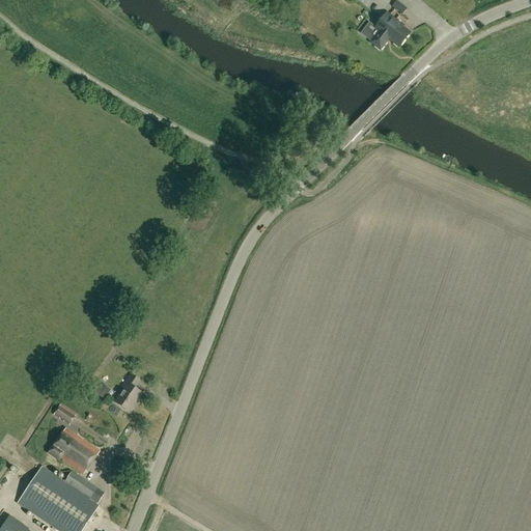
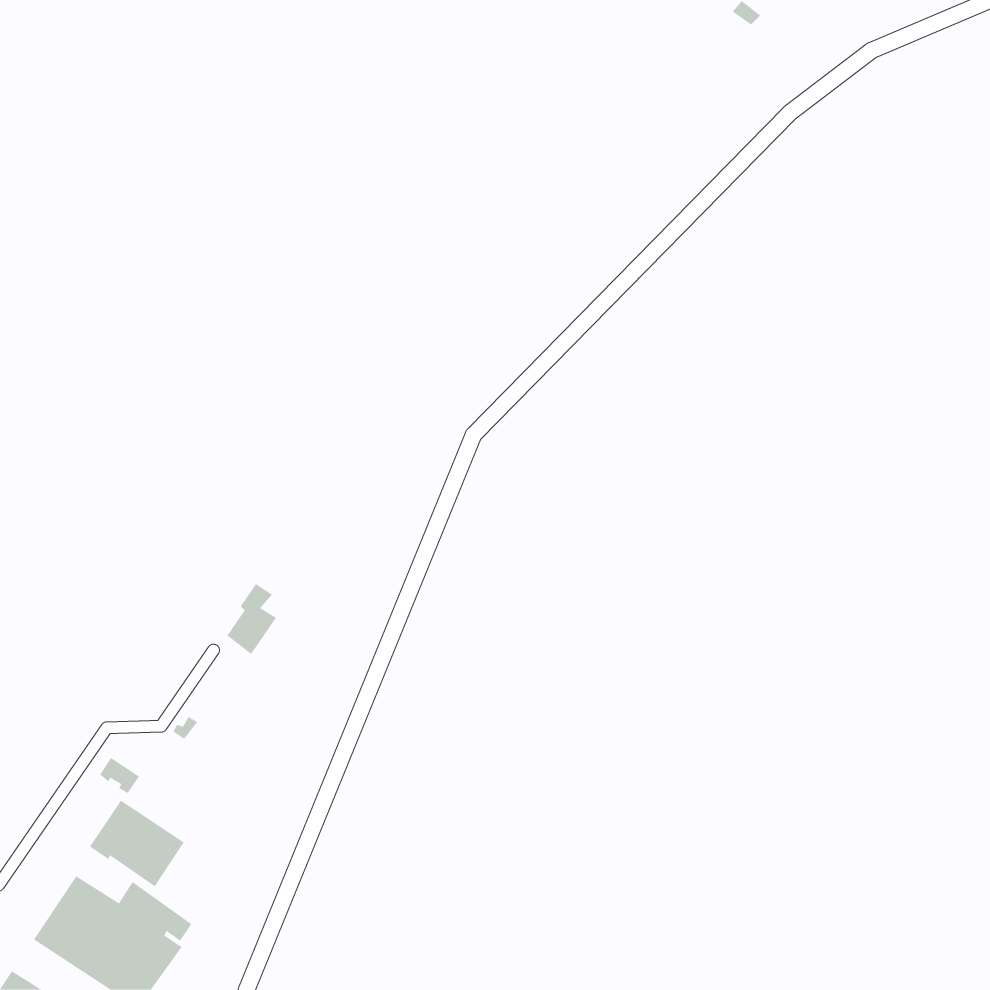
building: [369,12,409,49] -> none
building: [114,373,141,412] -> [226,583,277,655]

